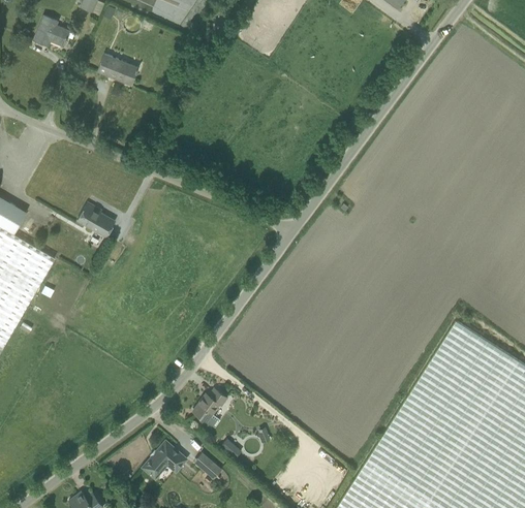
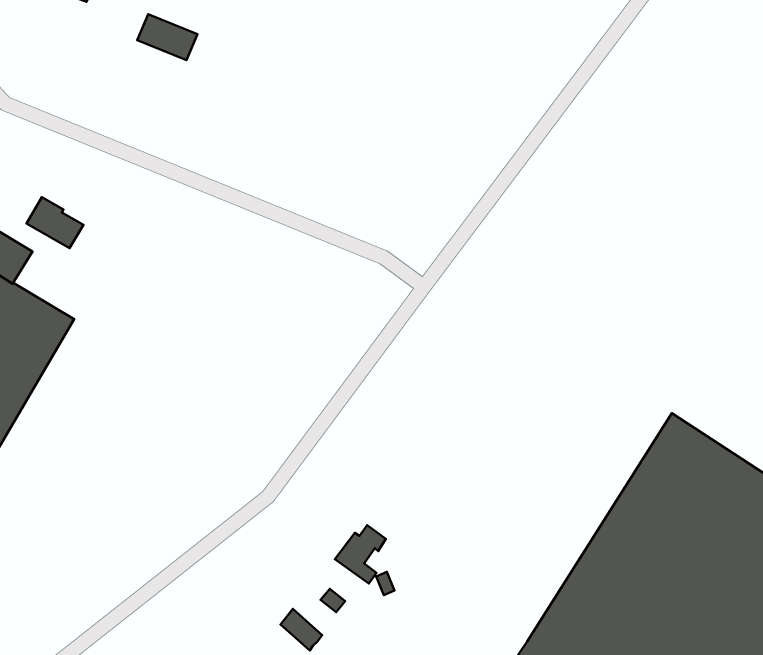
building: [76,202,115,236] -> [26,197,83,248]
building: [192,388,226,427] -> [335,525,386,584]
building: [144,442,185,477] -> none

